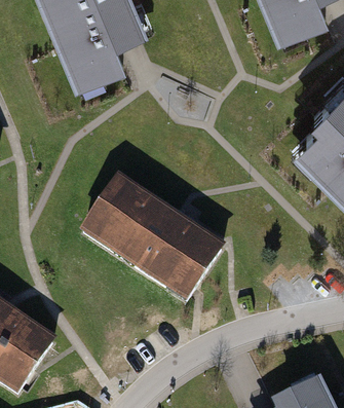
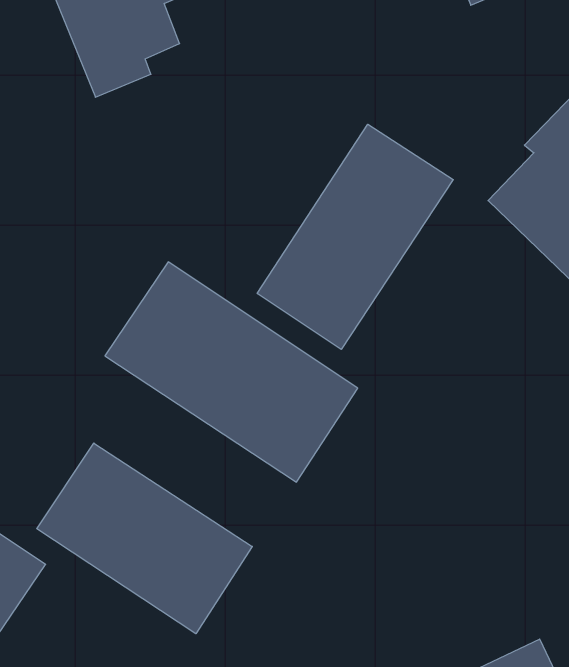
building: none -> [257,124,453,349]
building: none -> [37,443,252,634]

